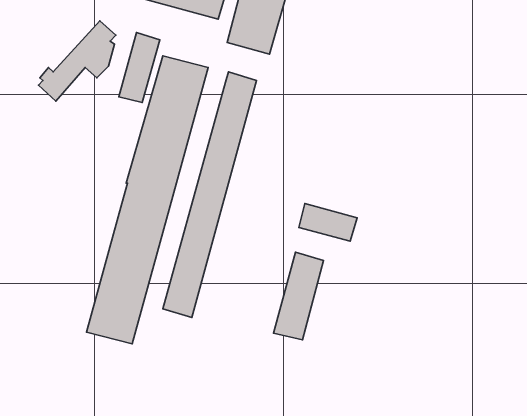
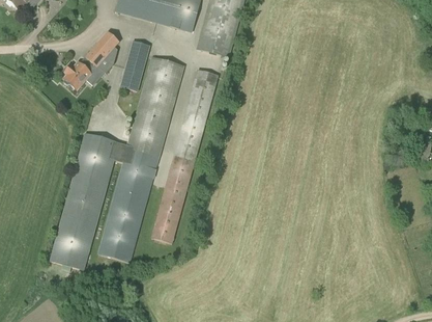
building: none -> [49,132,126,270]
building: [299,203,357,241] -> none
building: [273,252,324,340] -> none

